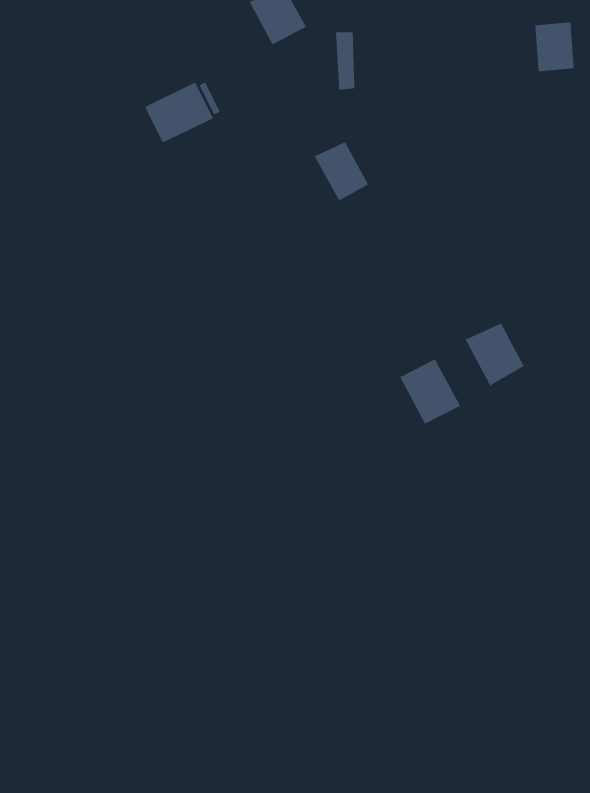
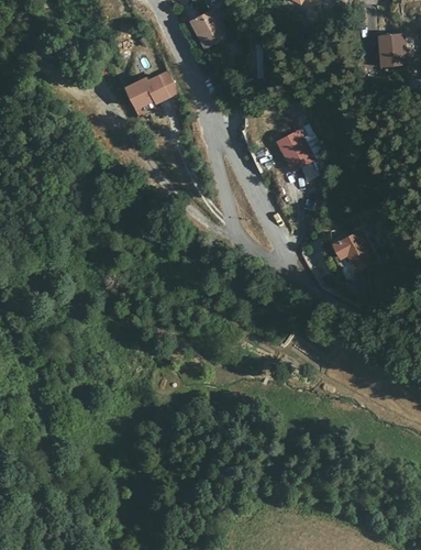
building: [314,141,369,201] -> [278,130,314,169]
building: [399,359,461,424] -> none

